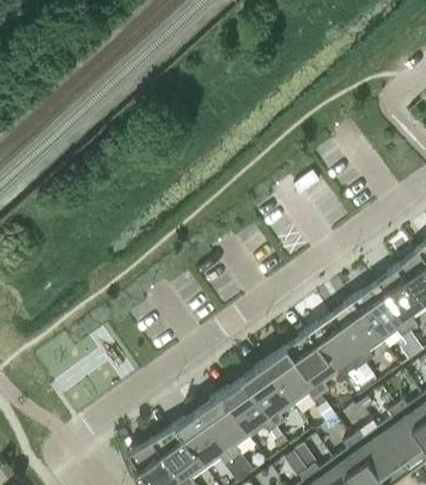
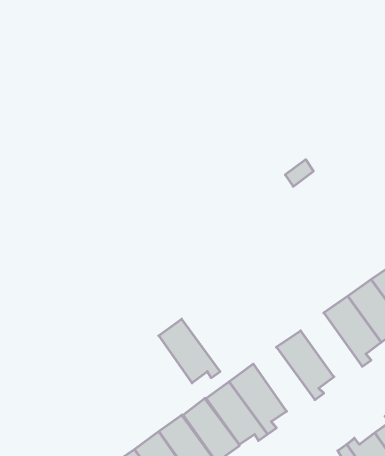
building: [309,314,366,377] -> none
building: [264,346,322,406] -> [159,319,220,383]

